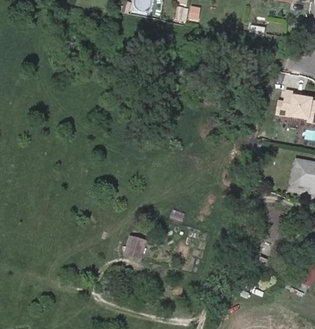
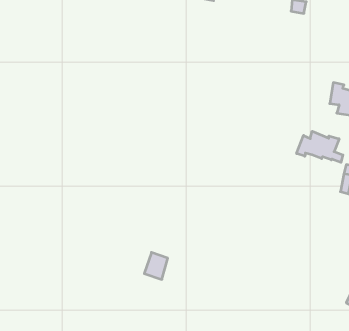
building: none -> [297,131,343,162]

